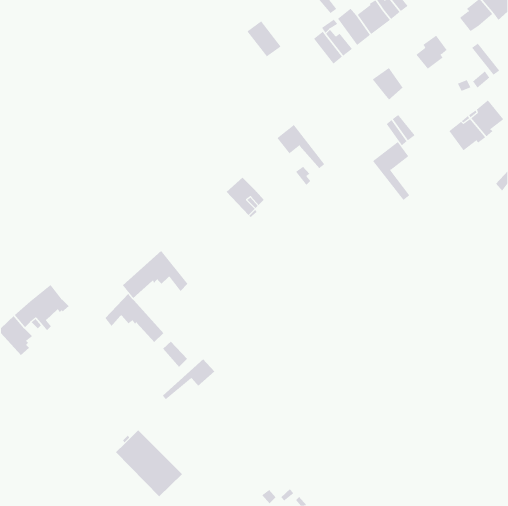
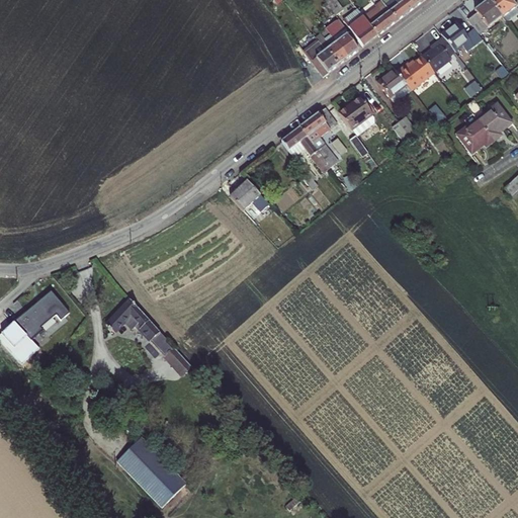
building: [247,20,281,57] -> [304,39,339,77]
building: none -> [441,21,470,51]
building: none -> [398,56,435,89]
building: none -> [339,96,373,128]
building: [372,141,410,201] -> [299,106,338,167]
building: [122,250,188,299] -> none
building: [162,359,215,400] -> none

